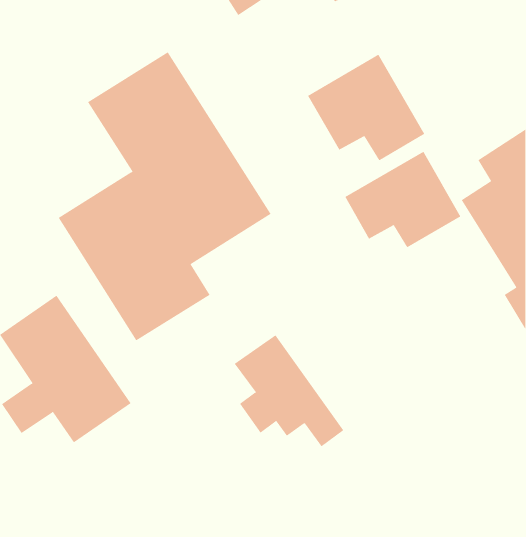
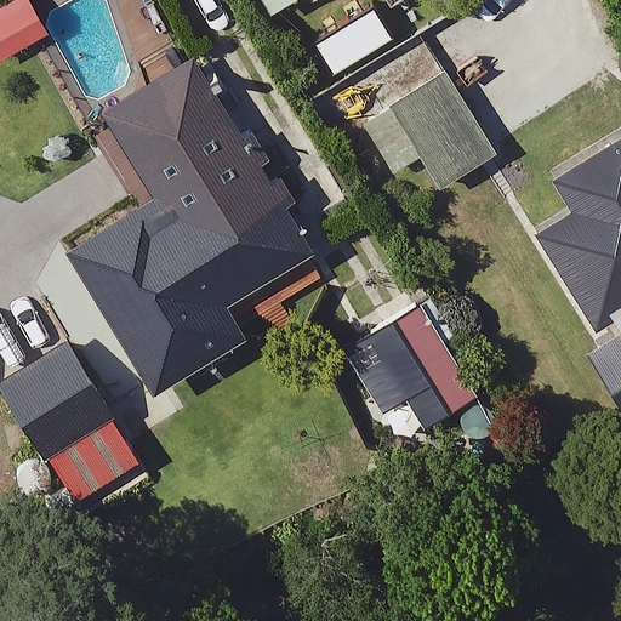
building: [345,151,461,248] -> none
building: [234,334,344,447] -> [368,308,495,438]

